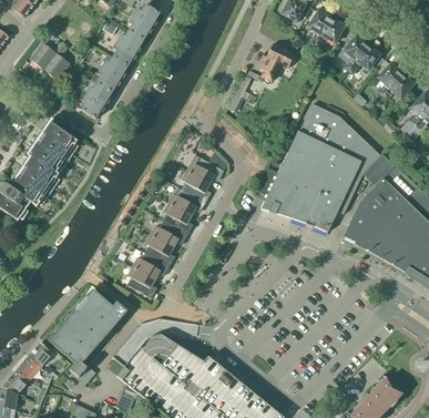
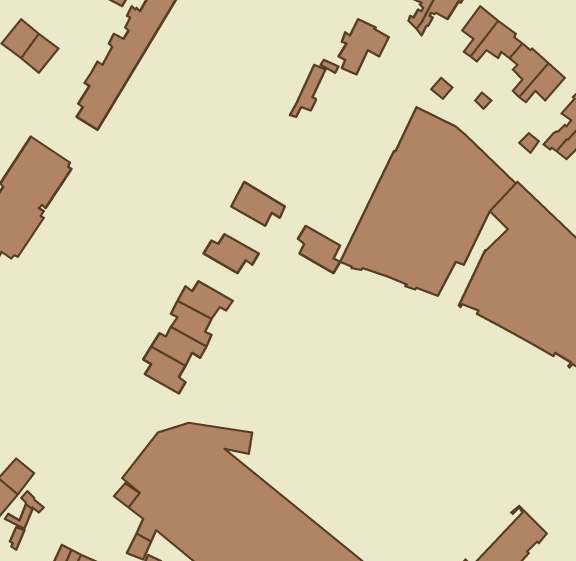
building: [181,171,210,203] -> [298,226,340,273]
building: [163,203,192,235] -> none
building: [49,286,125,383] -> none

